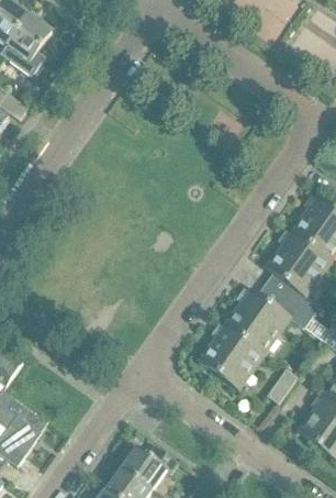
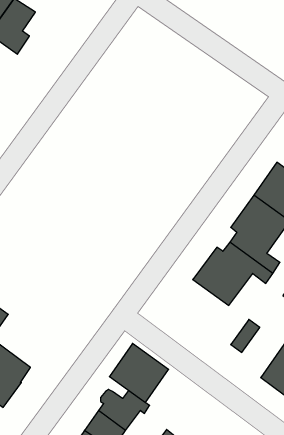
building: [198,324,262,389] -> [109,343,169,403]

